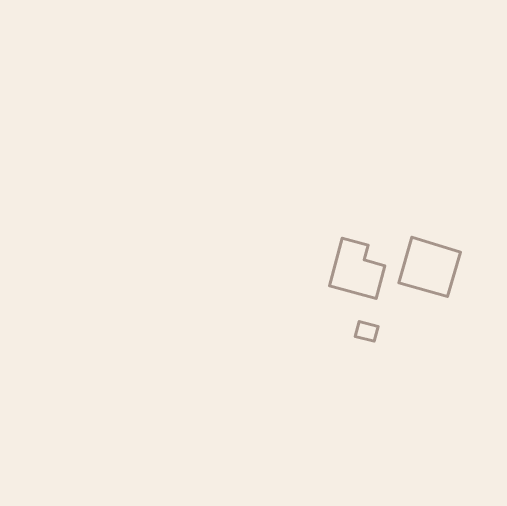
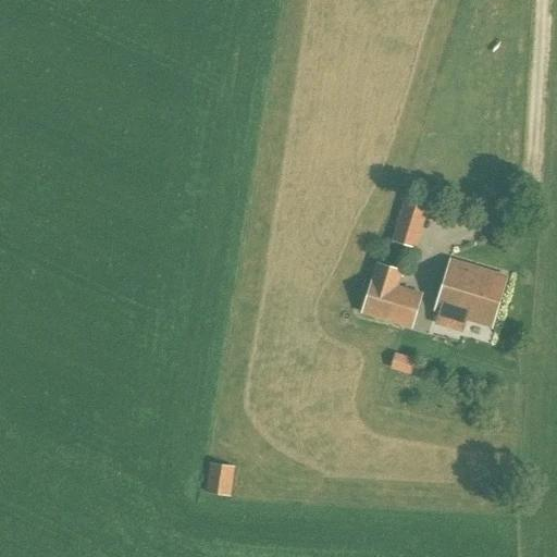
building: none -> [392,197,429,247]
building: none -> [206,462,234,495]

